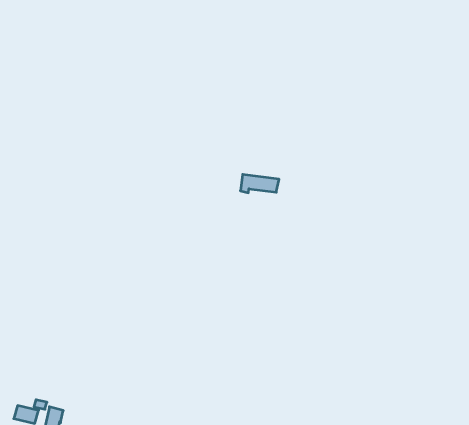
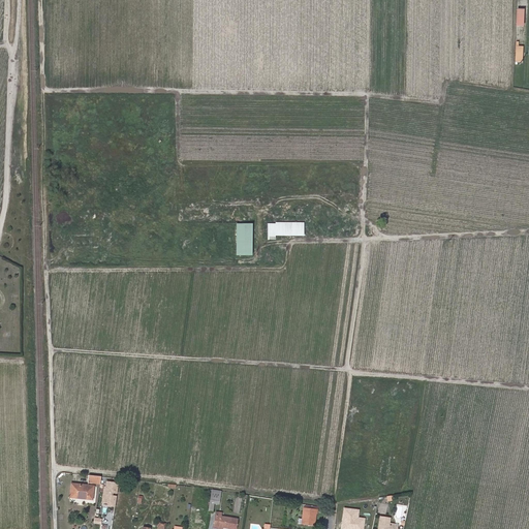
building: none -> [236,223,252,255]

